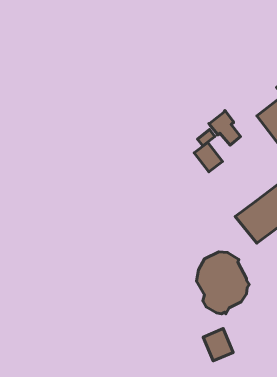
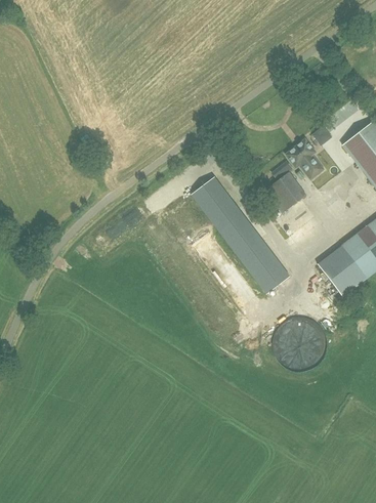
building: none -> [194,178,288,292]
building: [203,328,233,361] -> none

